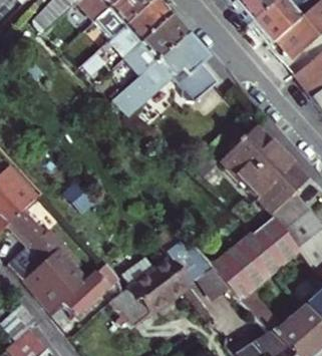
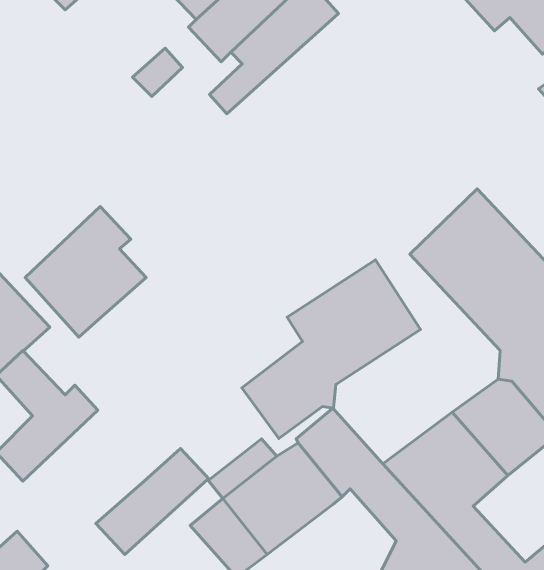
building: [112,33,218,116] -> none
building: none -> [242,260,421,438]
building: [22,240,85,308] -> [25,206,146,337]

